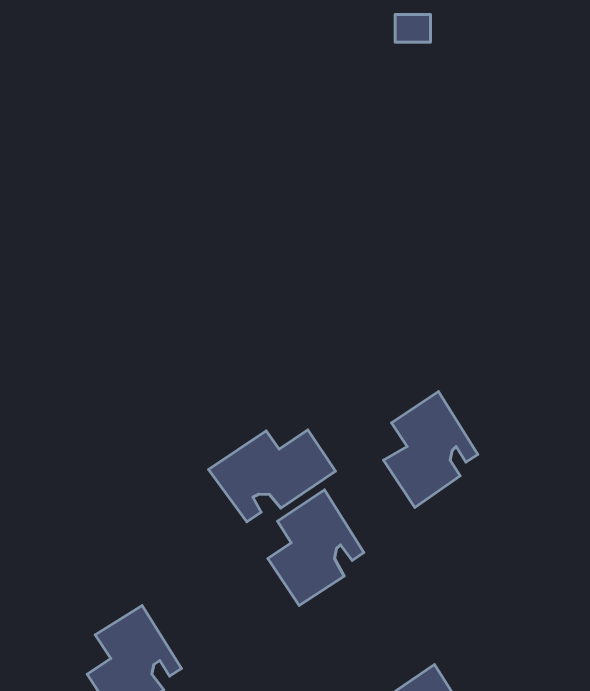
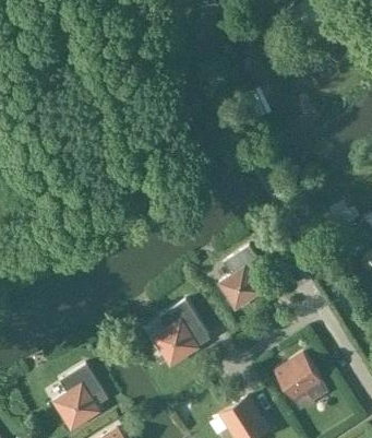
building: [209,430,335,522] -> none
building: none -> [277,355,327,400]

